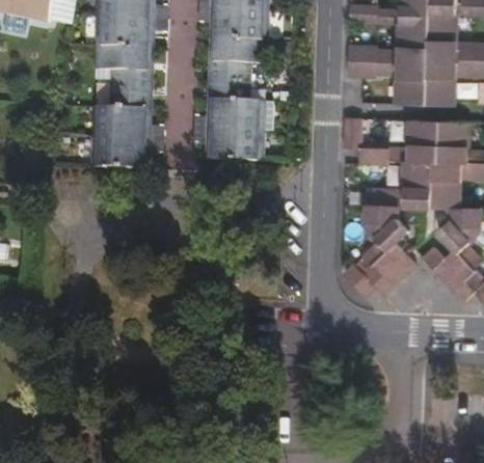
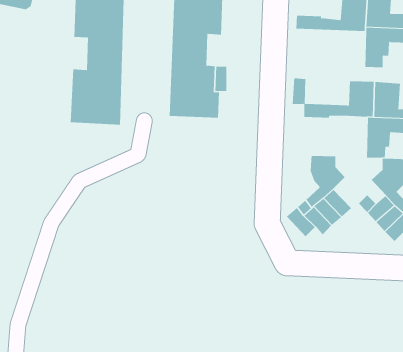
building: [349,60,429,104] -> none
building: [359,160,431,208] -> none

